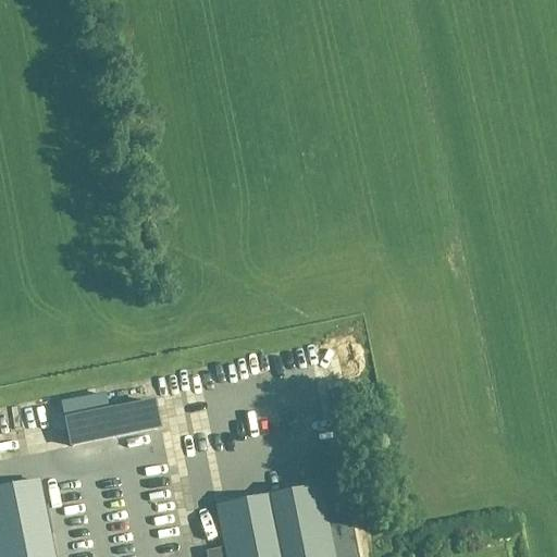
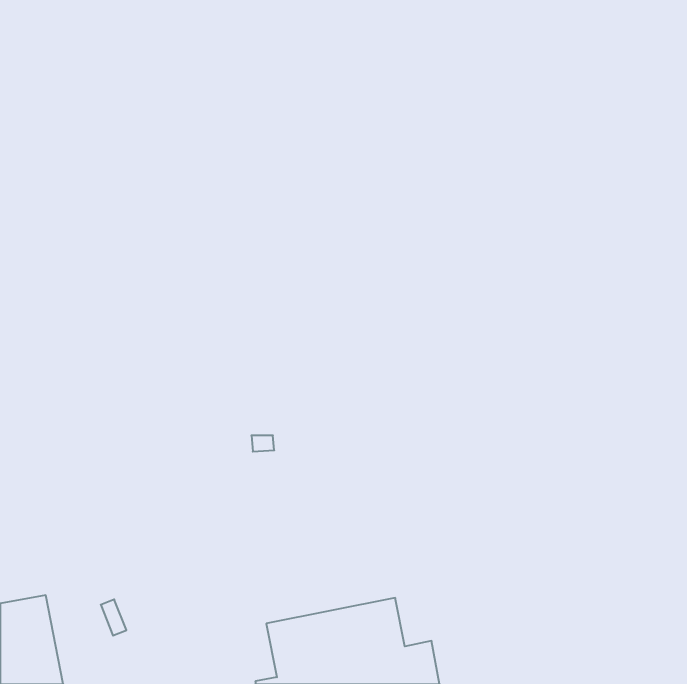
building: [61,396,159,447] -> none

